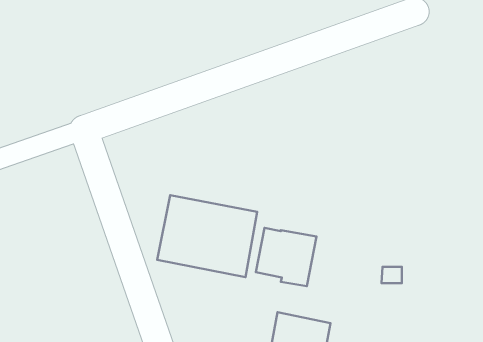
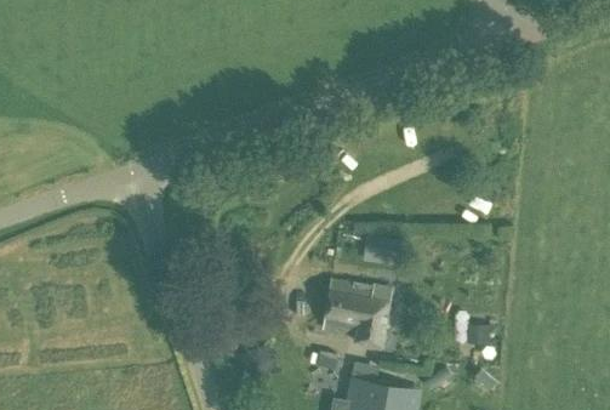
building: [157,195,257,277] -> none

